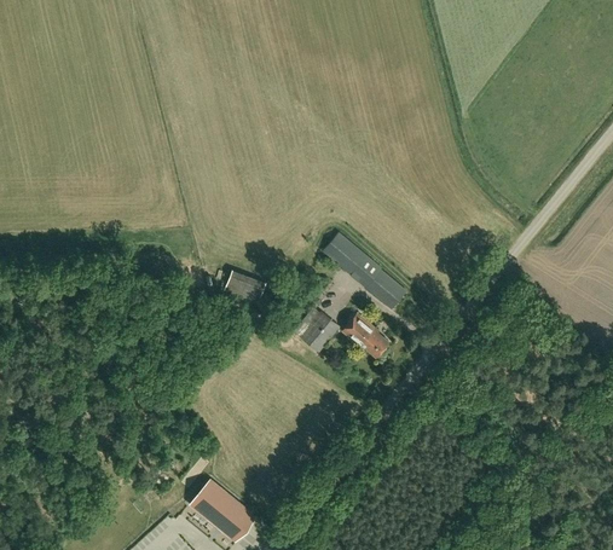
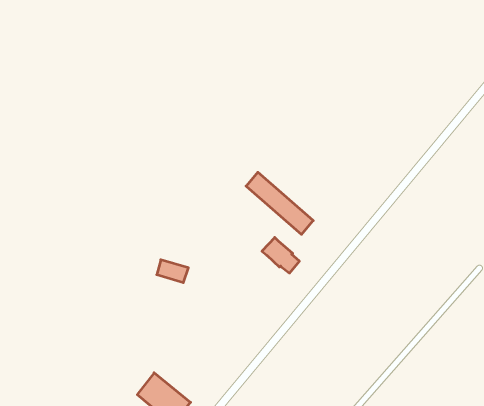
building: [227,273,266,301] -> [157,260,188,283]
building: [299,311,339,352] -> none

